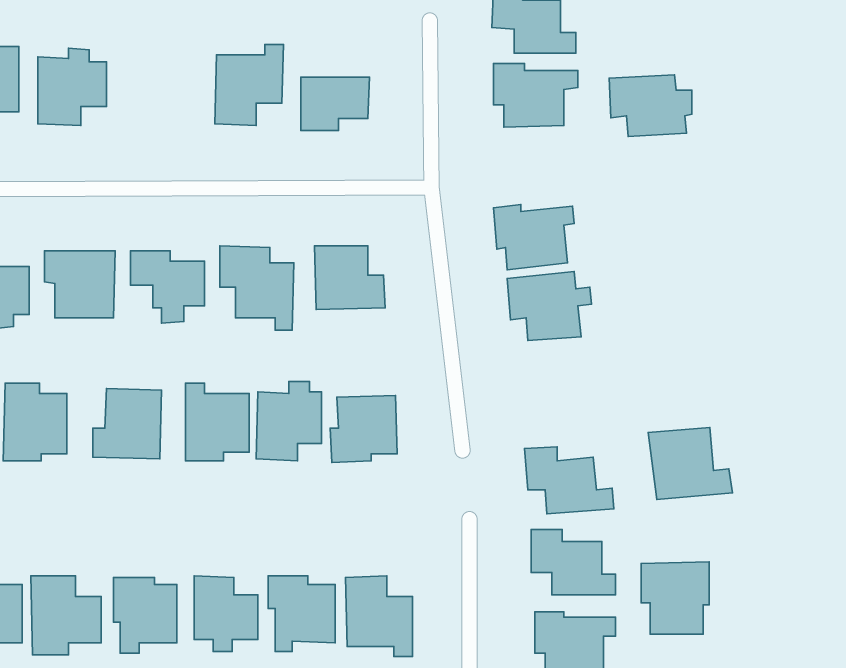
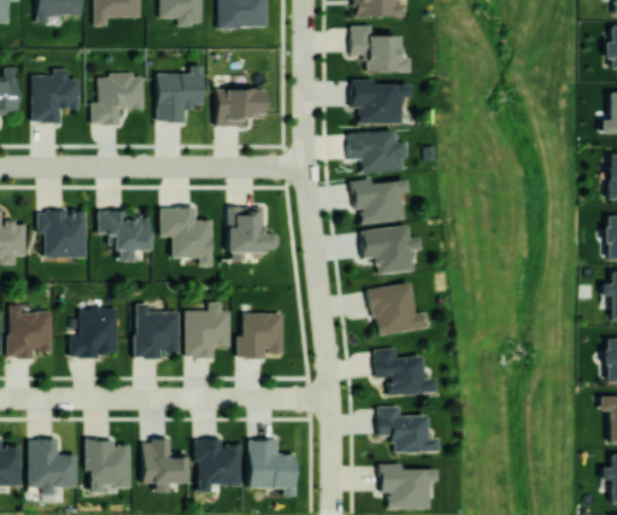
building: none -> [93,75,145,125]
building: [609,75,692,137] -> [348,130,406,174]
building: [648,427,732,500] -> [369,283,428,334]
building: [641,562,709,634] -> none

